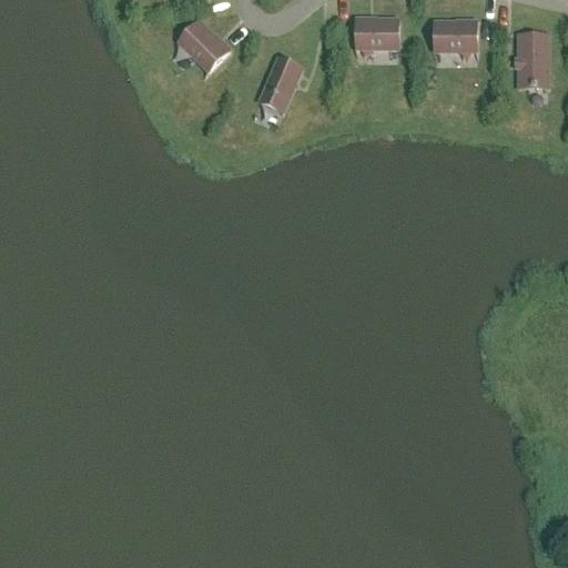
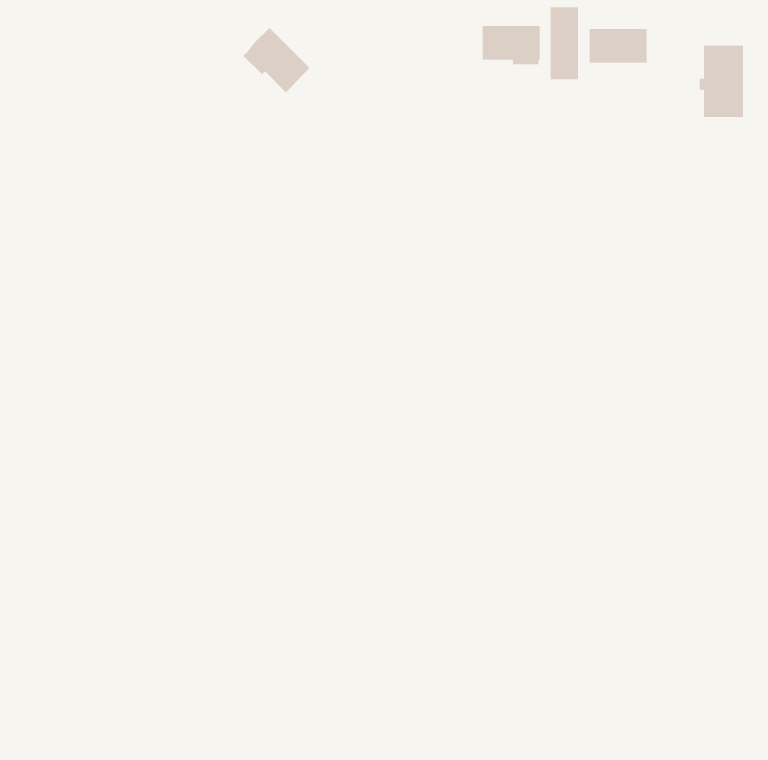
building: none -> [549,6,579,80]
building: [260,57,302,111] -> none

